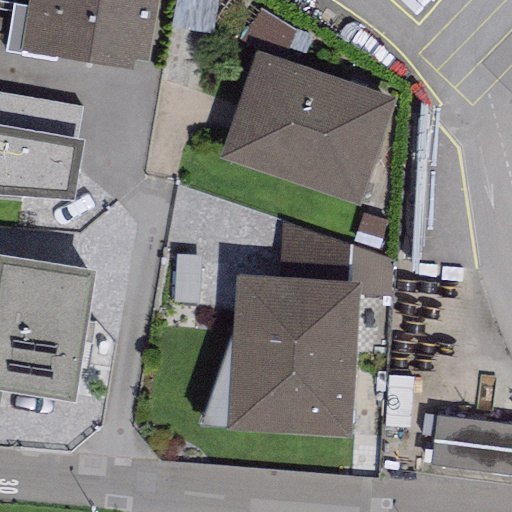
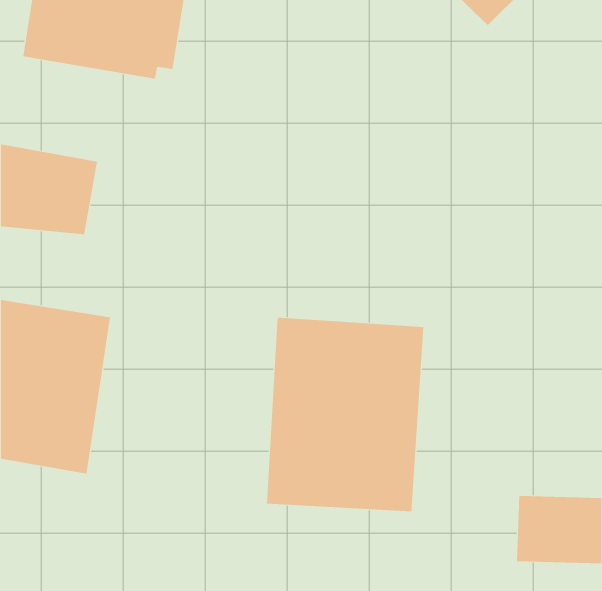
building: [218,48,394,202] -> none

